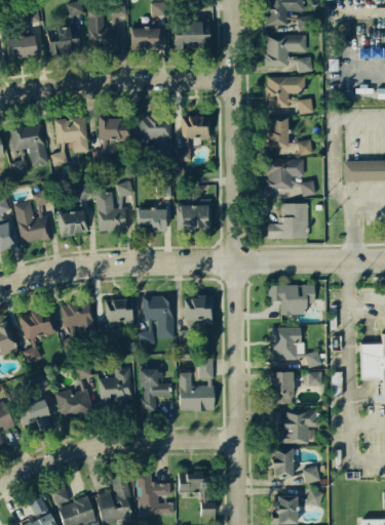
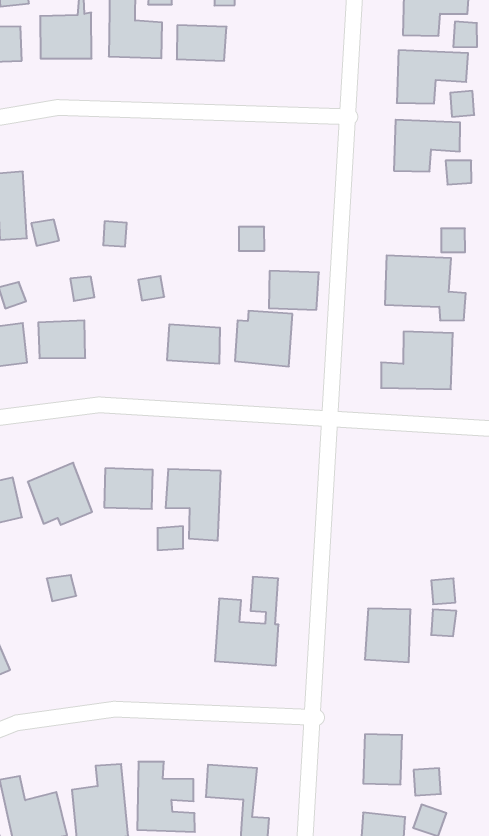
building: [172,21,209,48] -> none
building: [180,115,209,138] -> [269,271,319,310]
building: [54,117,87,152] -> none
building: [97,117,129,140] -> none
building: [139,117,172,153] -> none
building: [268,117,290,147] -> none
building: [95,192,129,231] -> none
building: [268,284,315,315] -> none
building: [184,296,213,320] -> none
building: [269,327,302,360] -> none
building: [138,362,169,412] -> none
building: [99,366,133,406] -> none
building: [54,389,92,419] -> none
building: [276,409,317,443] -> none

